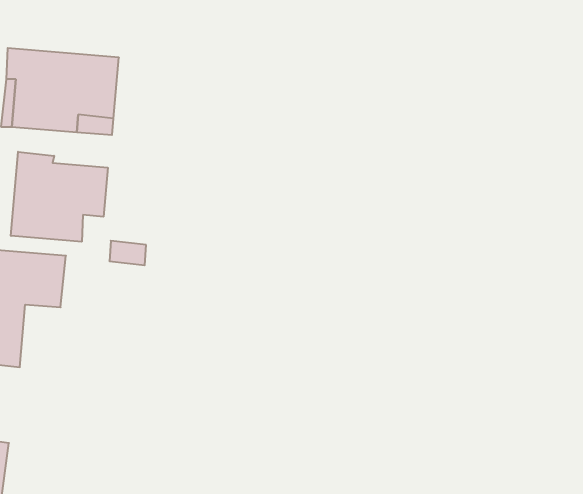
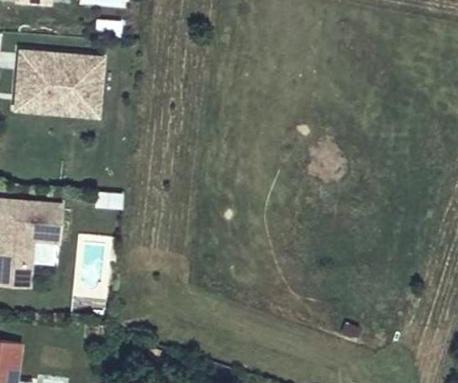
building: [11,152,108,242] -> none

